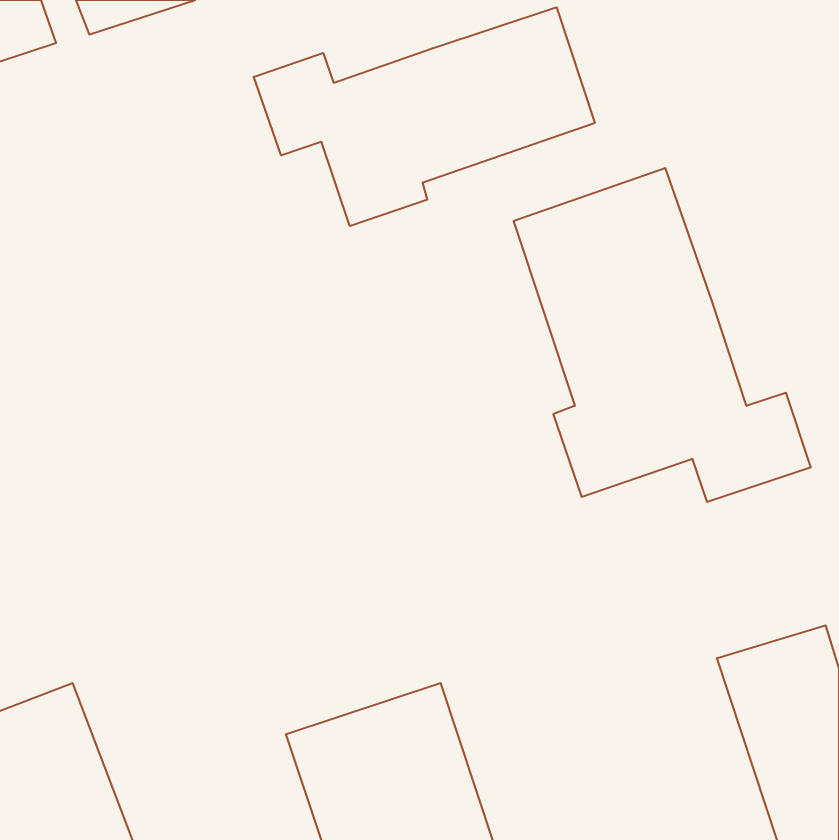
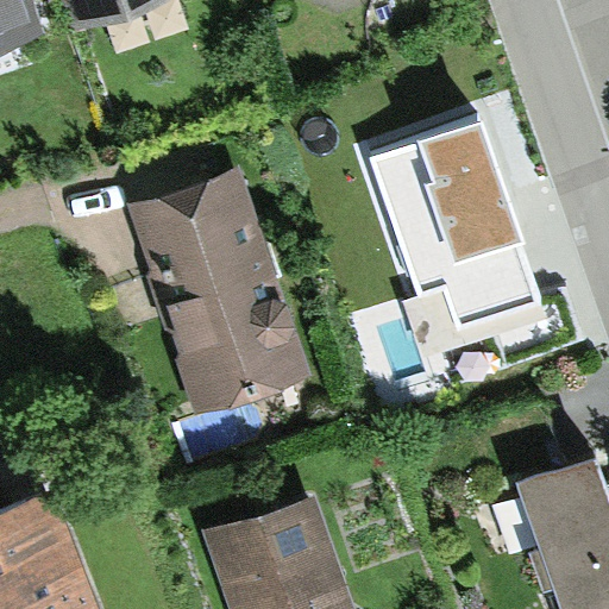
building: [254,7,595,226] -> none
building: none -> [123,168,309,412]

